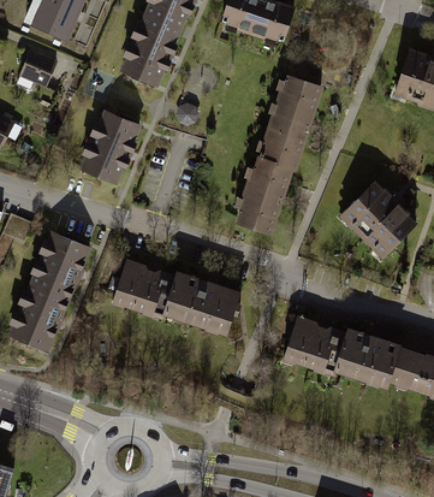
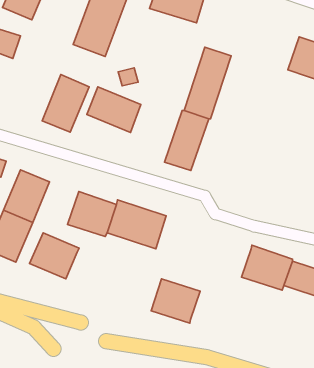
building: none -> [87,87,141,133]
building: [343,182,415,254] -> none
building: none -> [30,233,79,279]
building: [284,316,346,373] -> [151,279,200,323]

